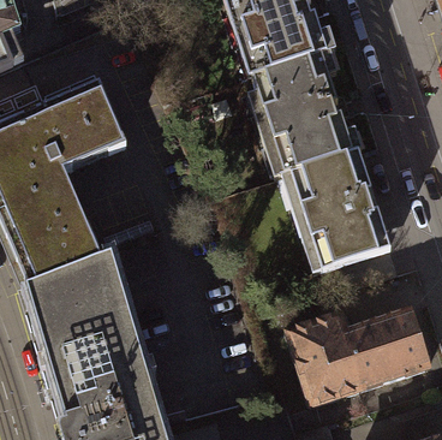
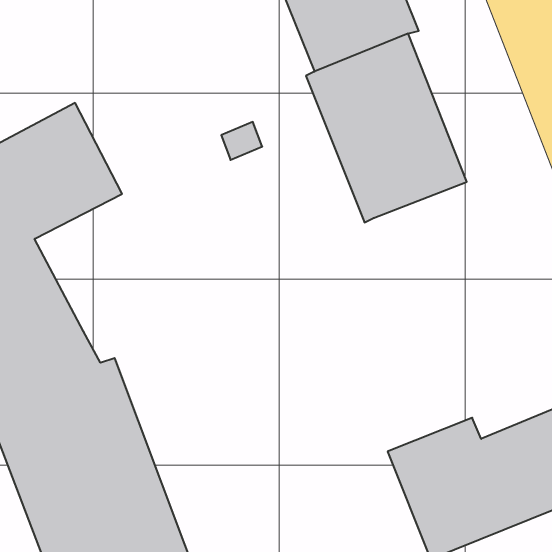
building: [289,154,390,273] -> none

